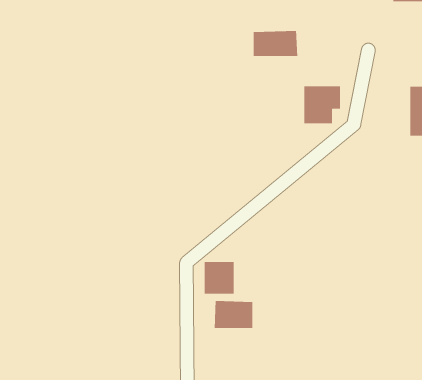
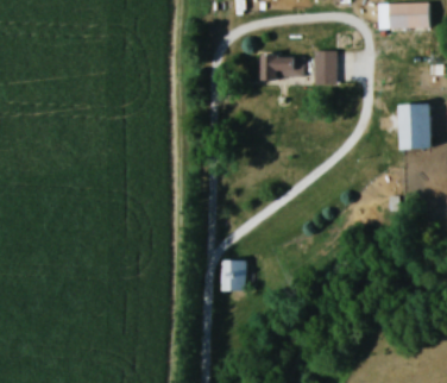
building: [304,86,341,124] -> [308,51,341,86]
building: [214,300,253,329] -> none

